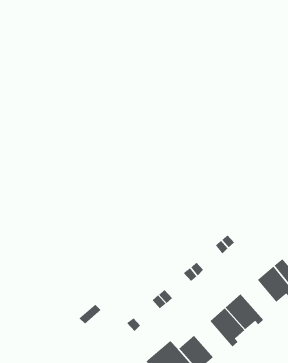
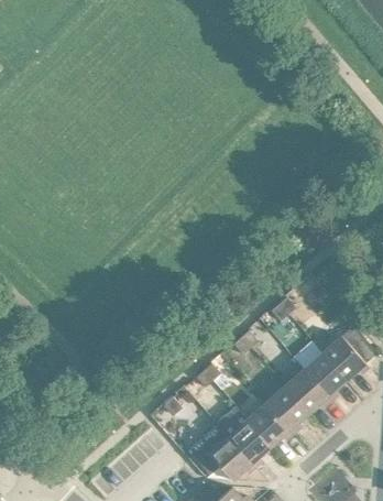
building: none -> [300,353,343,402]
building: none -> [244,403,291,447]

